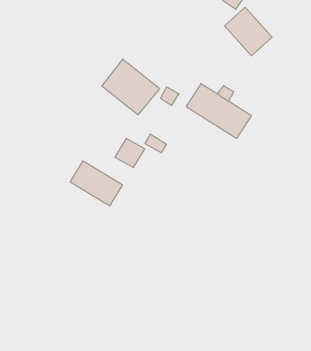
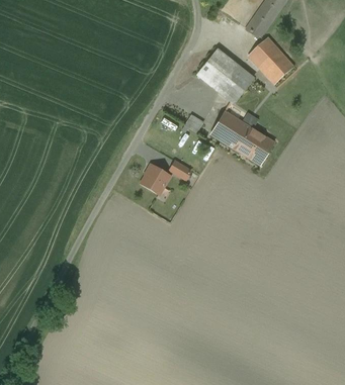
building: [102,59,160,115] -> [197,49,254,103]
building: [70,161,123,206] -> none

